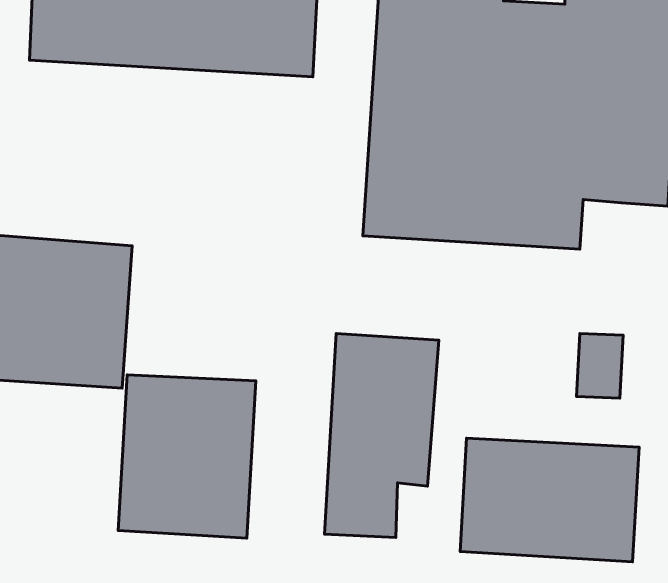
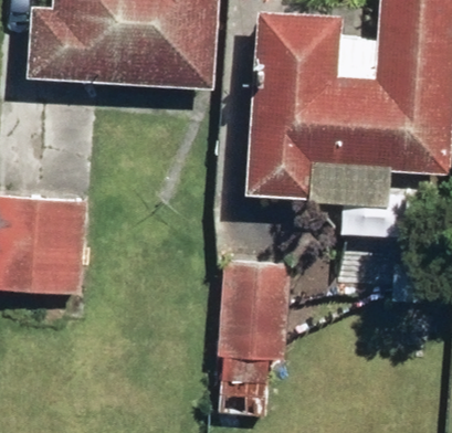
building: [118,375,256,538] -> none
building: [460,438,639,562] -> none

